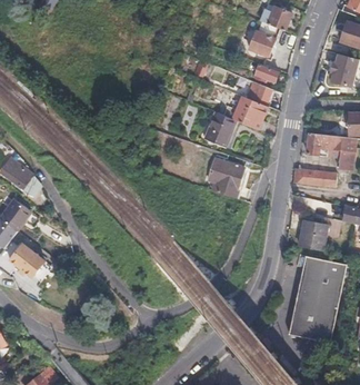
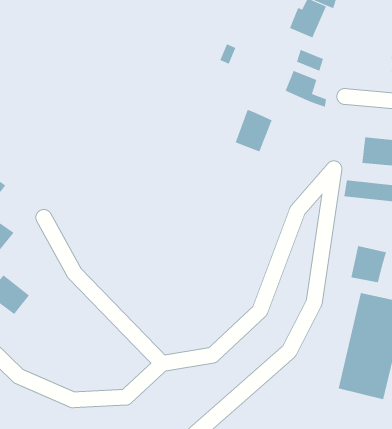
building: [222,95,267,131] -> none
building: [208,161,243,197] -> none

